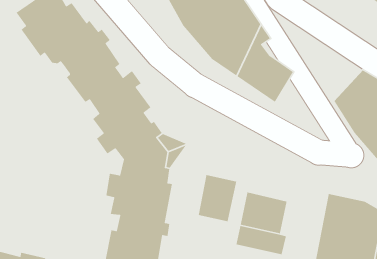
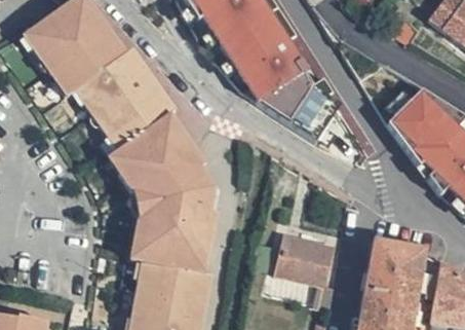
building: [198,174,237,222] -> none

